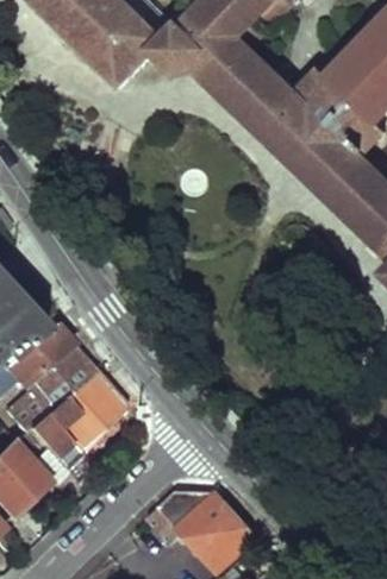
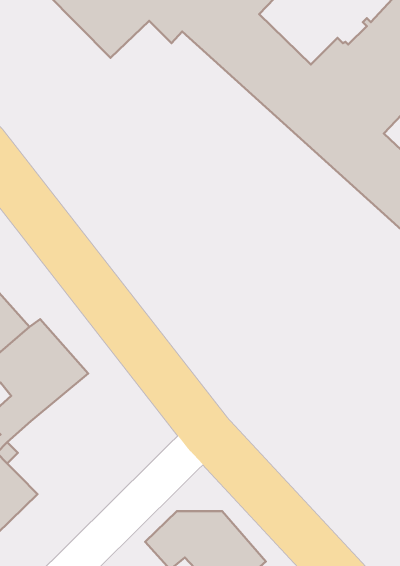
building: [32,370,125,486] -> none

